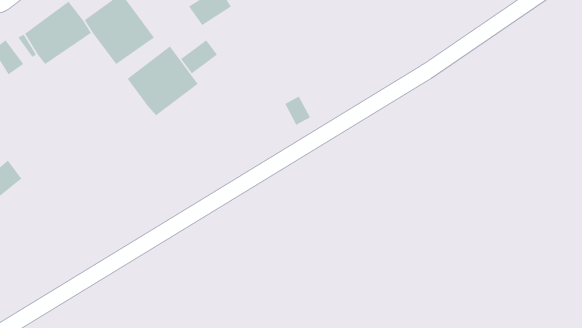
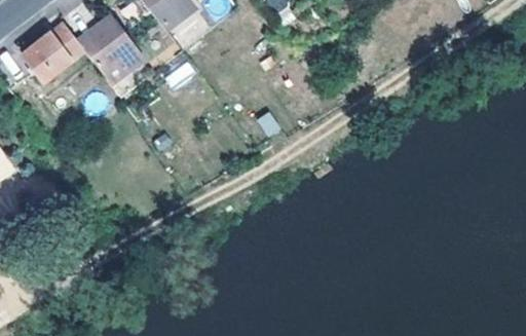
building: [127,45,199,116] -> none

